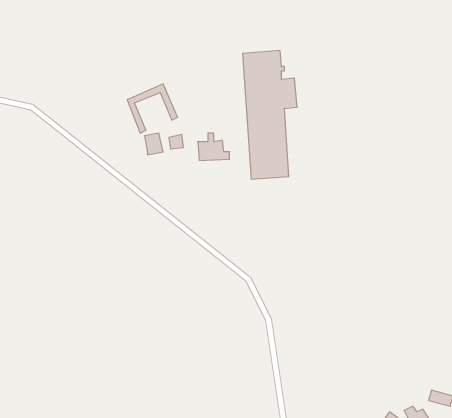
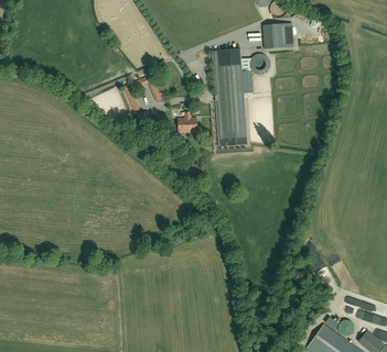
building: none -> [261,22,292,48]

